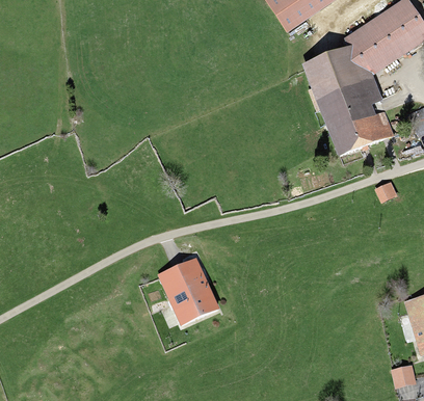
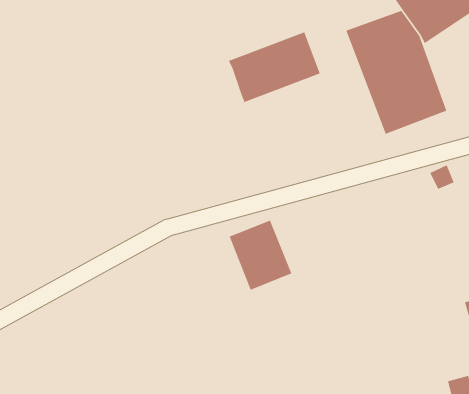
building: none -> [228,31,321,103]
building: [160,262,215,323] -> [229,220,292,290]

